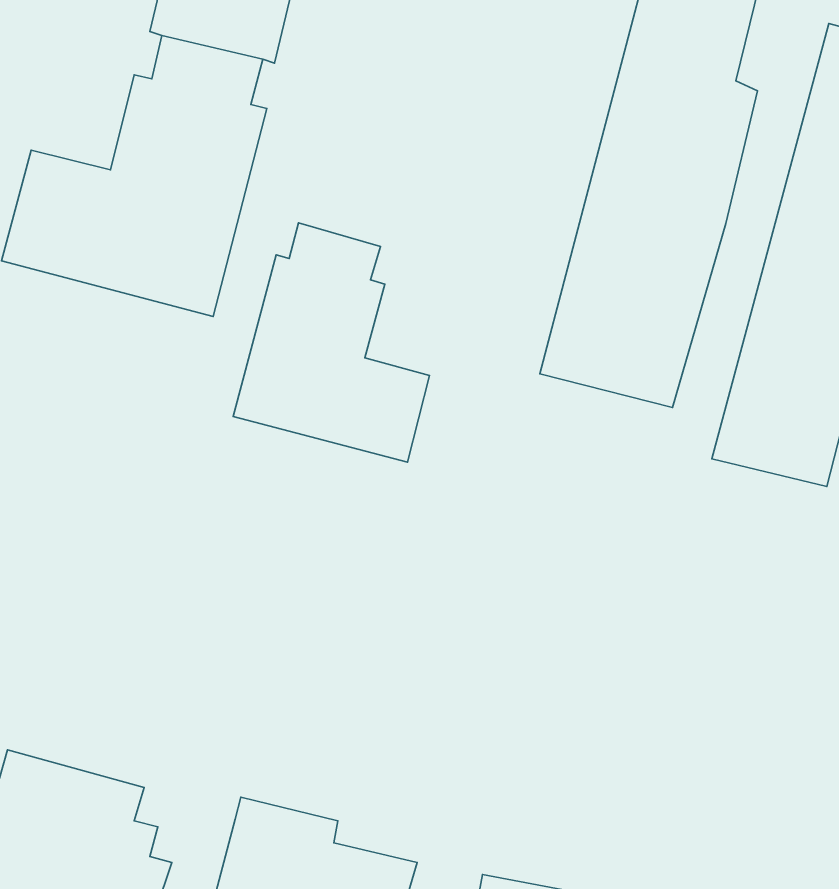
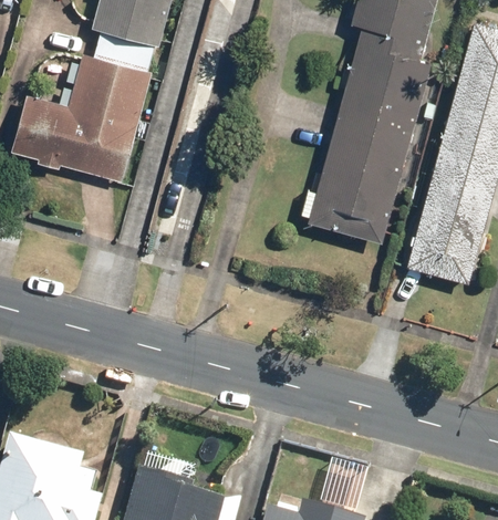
building: [233,223,430,462] -> none

